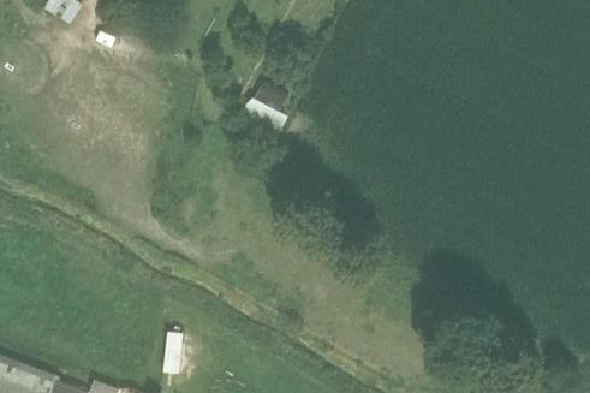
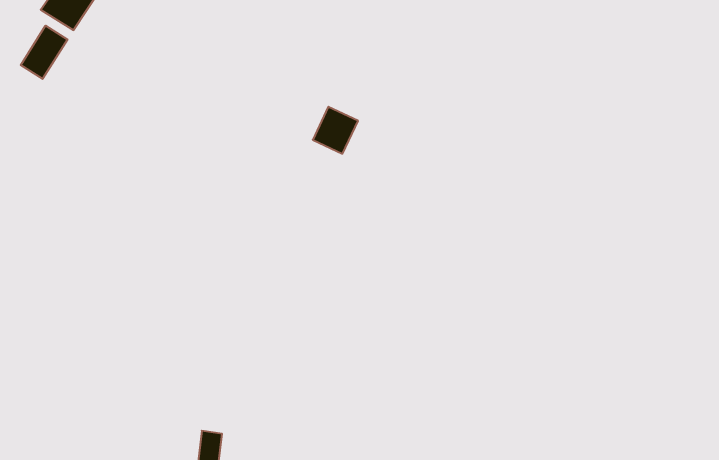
building: none -> [21,26,67,79]

